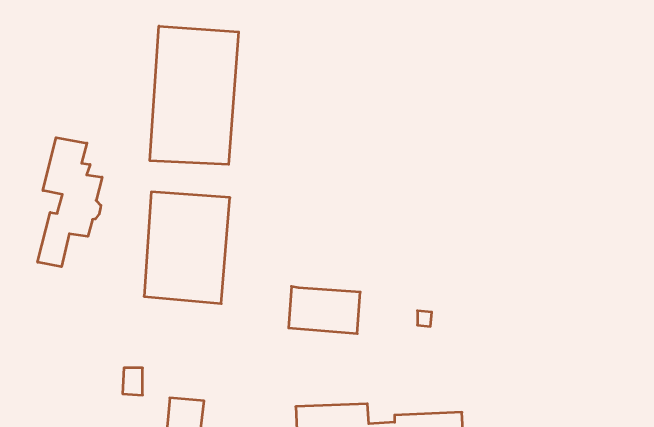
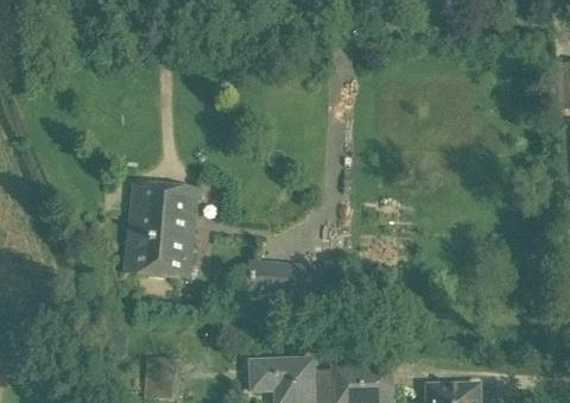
building: [150,26,239,164] -> none
building: [38,138,102,267] -> none

